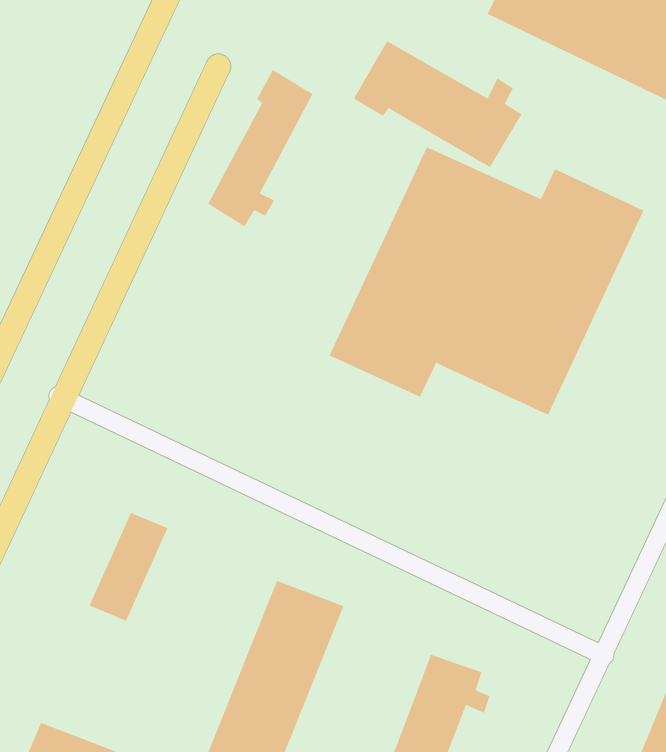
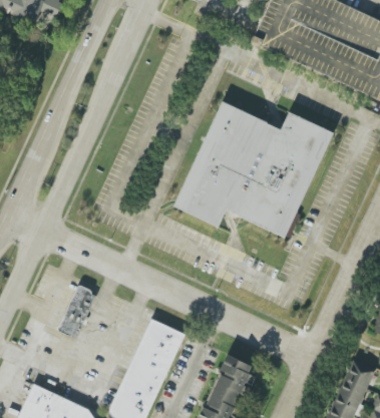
building: [353,40,522,168] -> none
building: [207,69,314,228] -> none

